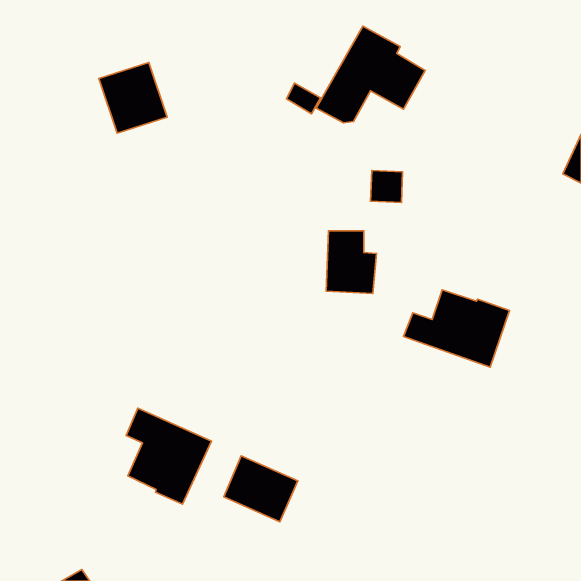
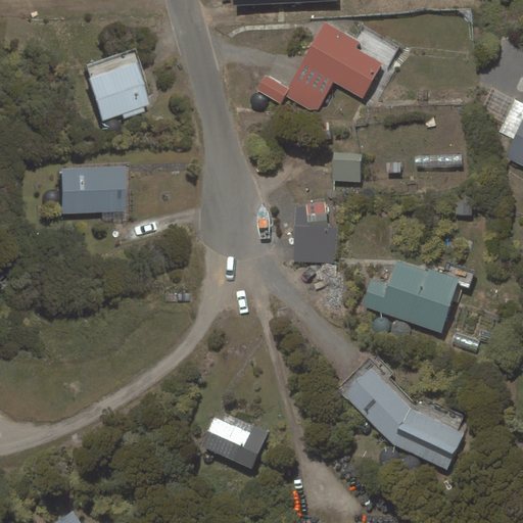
building: none -> [62,168,126,213]
building: [126,408,211,504] -> none
building: none -> [345,369,463,469]

